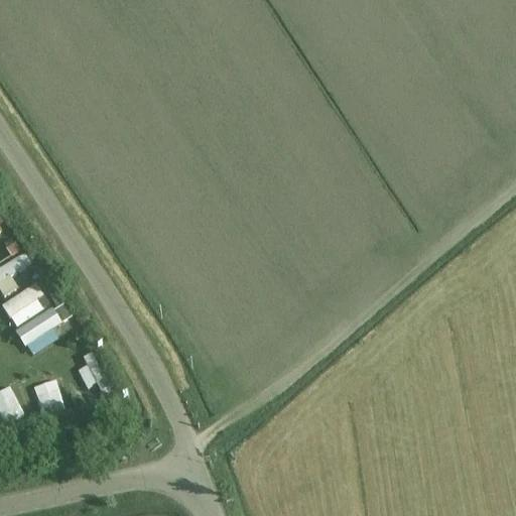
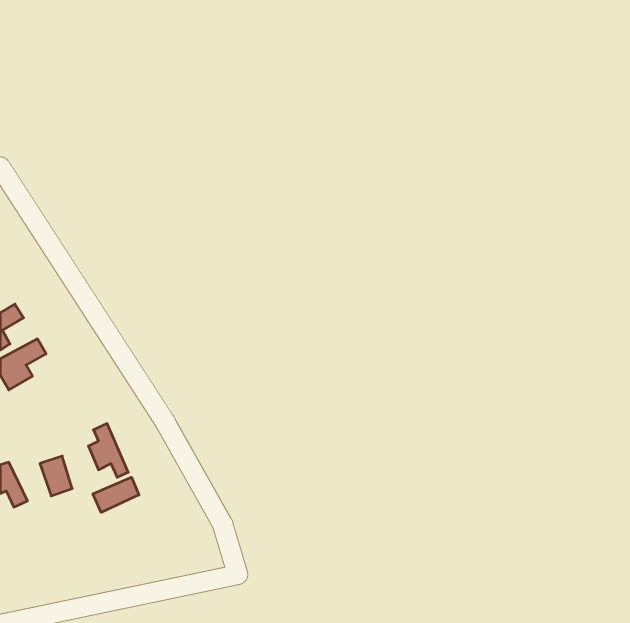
building: [14,309,60,348] -> none
building: none -> [93,477,139,512]

